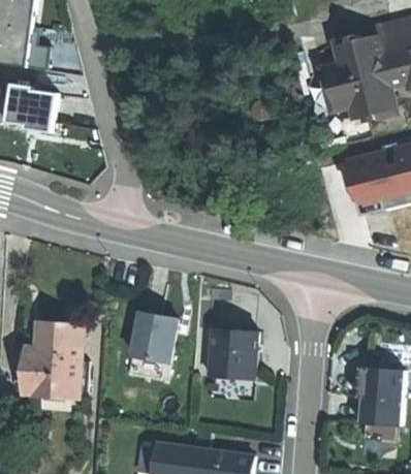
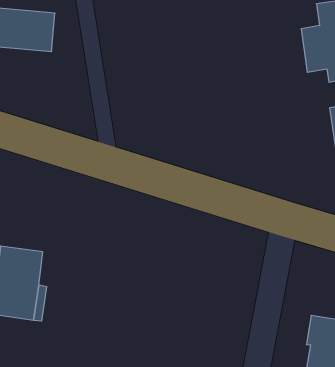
building: [126,312,175,379] -> none
building: [208,329,253,378] -> none

